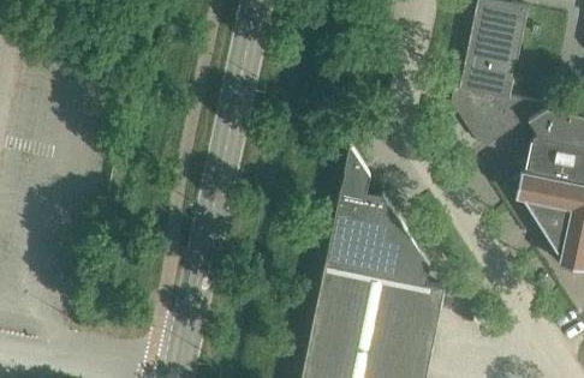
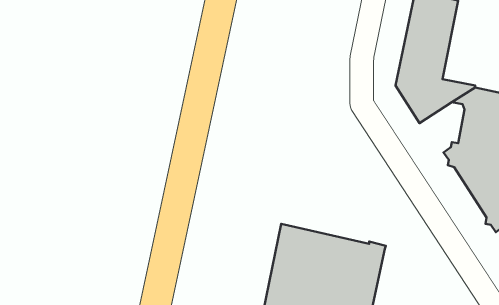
building: [324,146,430,287] -> none

